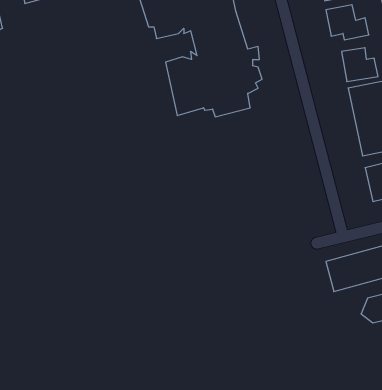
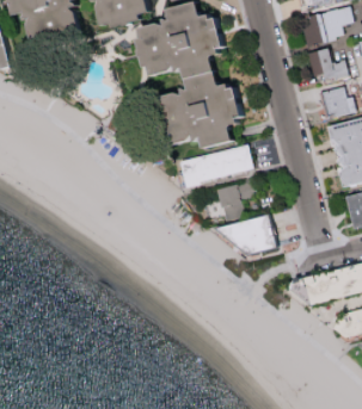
building: none -> [176,145,251,185]
building: none -> [215,178,257,221]
building: none -> [219,218,280,260]

